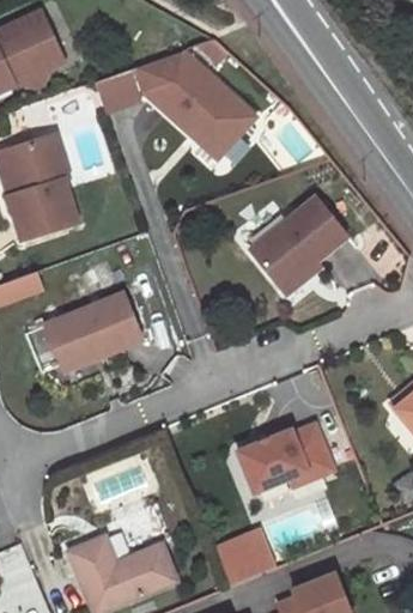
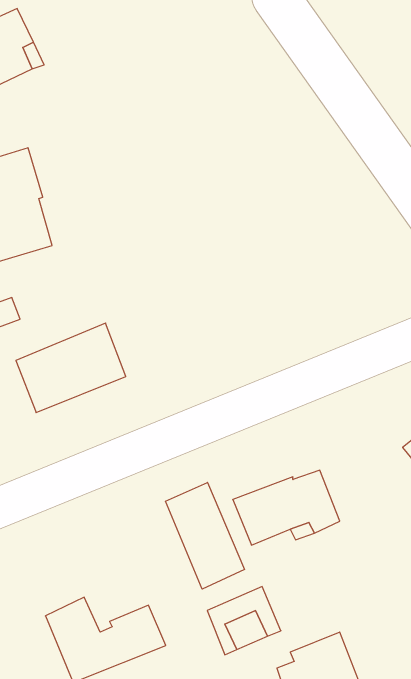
building: [95,51,255,158] -> none
building: [253,195,347,286] -> none
building: none -> [166,482,245,589]

